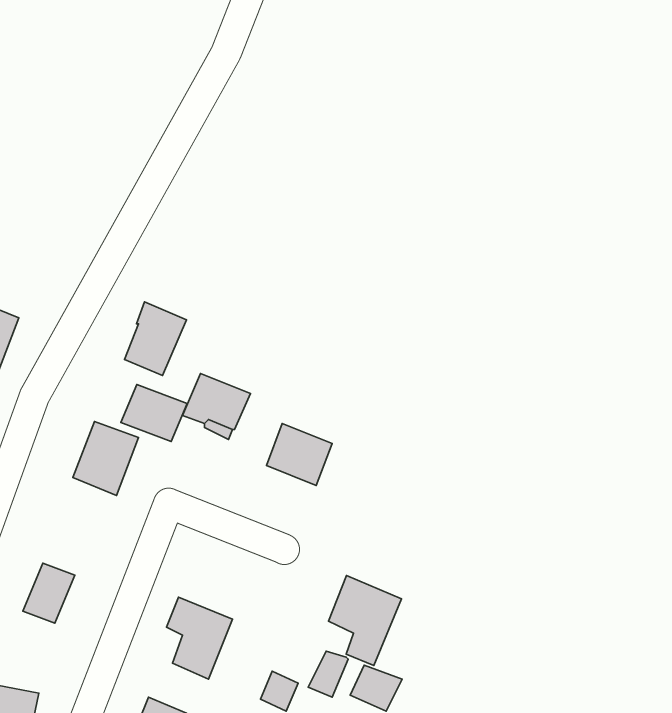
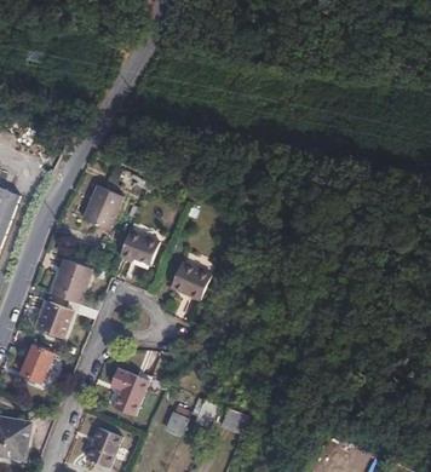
building: [121,384,187,441] -> none
building: none -> [38,301,73,339]
building: [329,576,401,666] -> none

